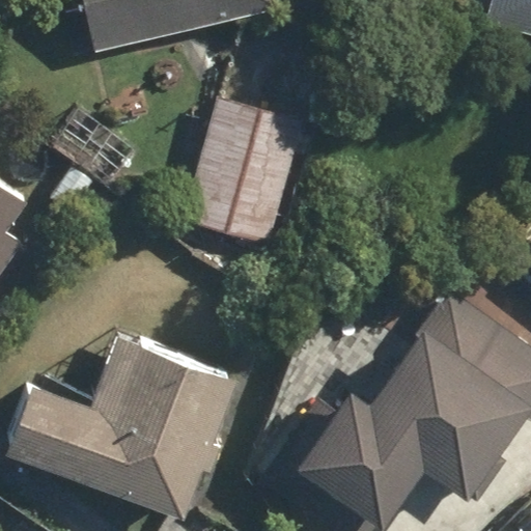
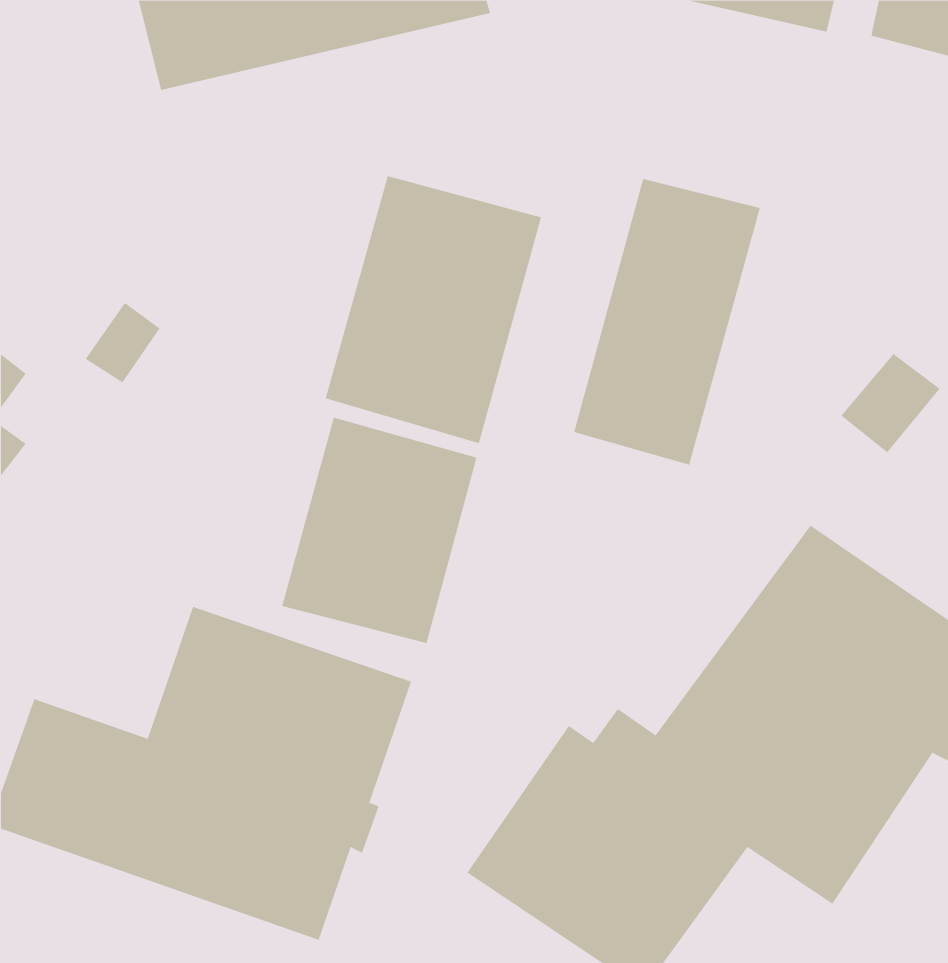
building: none -> [574,178,761,466]
building: none -> [282,417,477,644]

